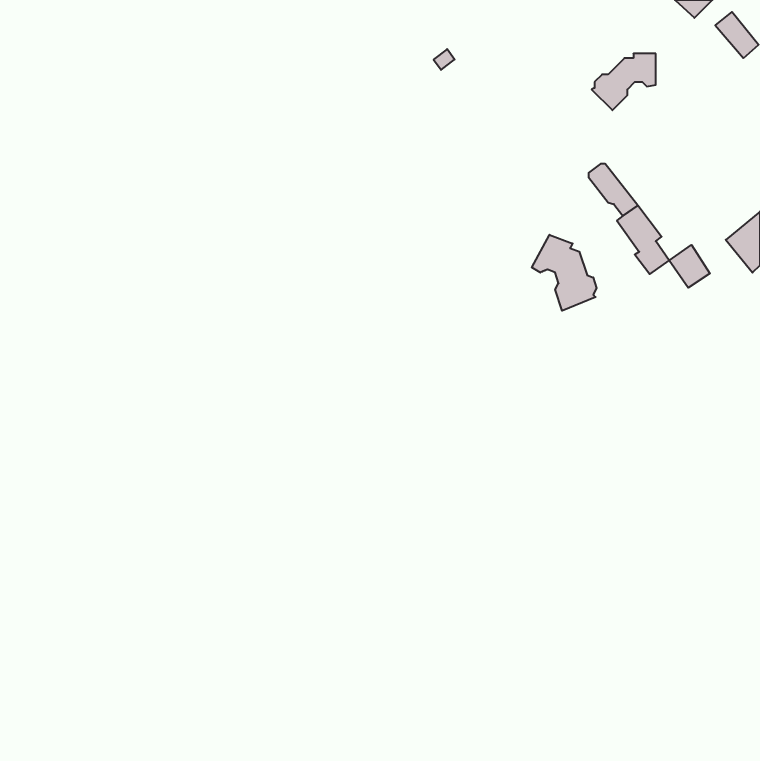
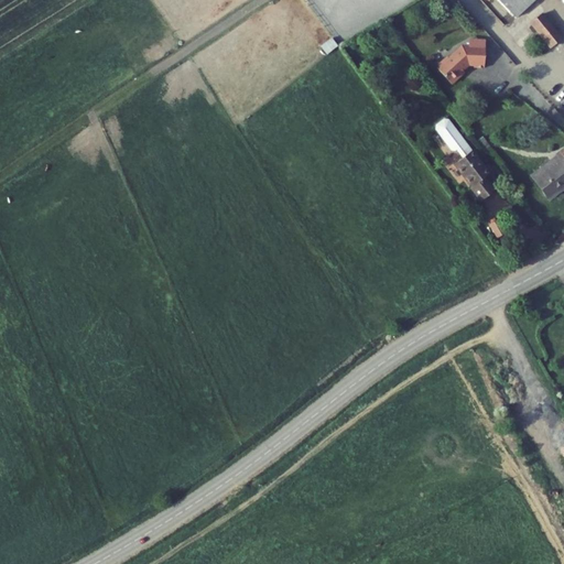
building: [532,235,597,311] -> none
building: [669,245,710,288] -> none

